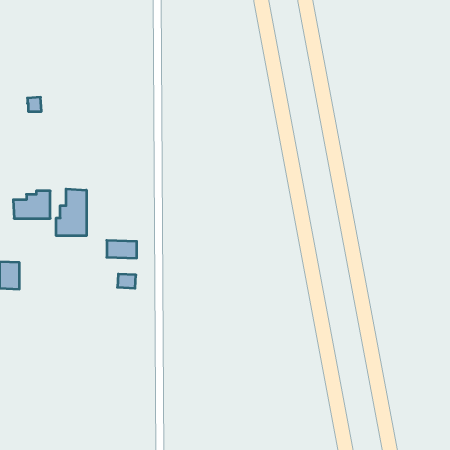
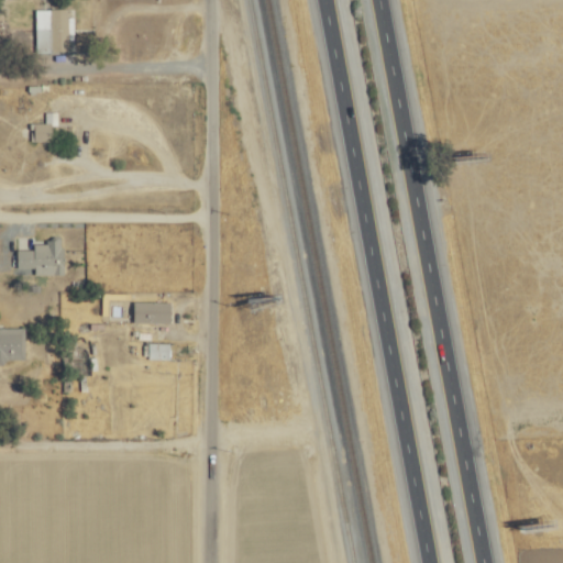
building: none -> [36,9,68,52]
building: [56,189,86,236] -> none

